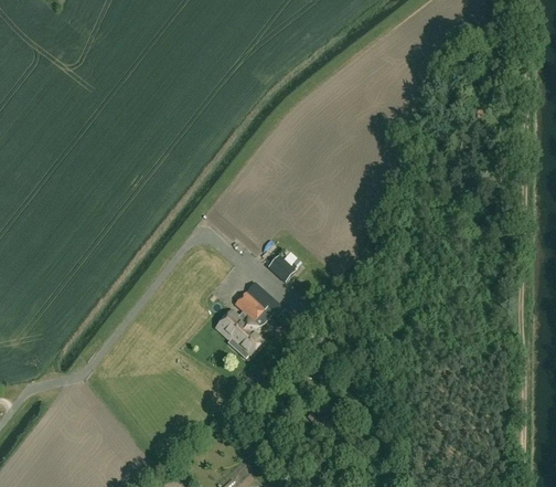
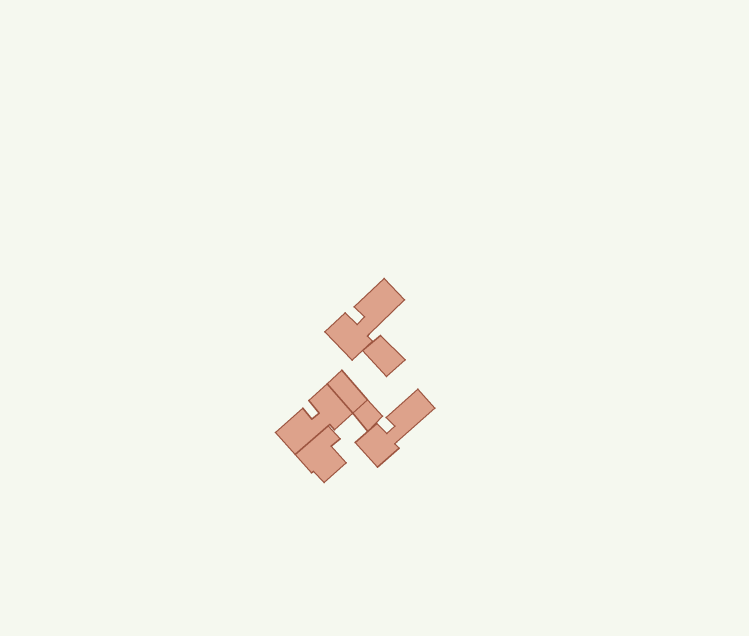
building: none -> [325,278,405,360]
building: none -> [355,389,435,467]

